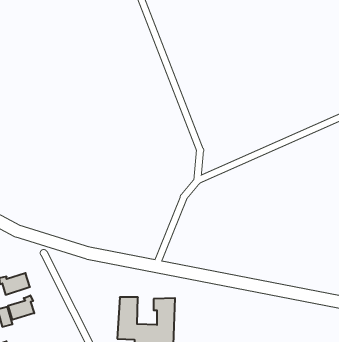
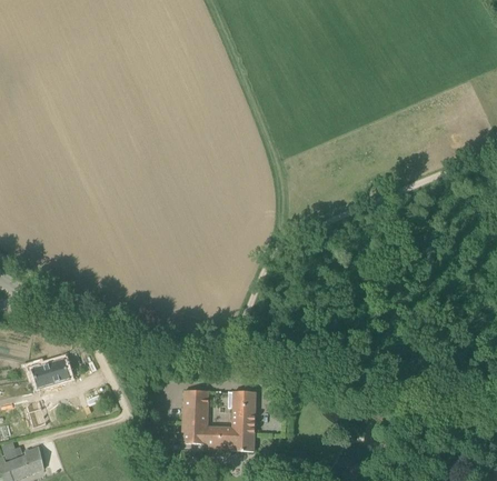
building: [8,295,34,320] -> none

